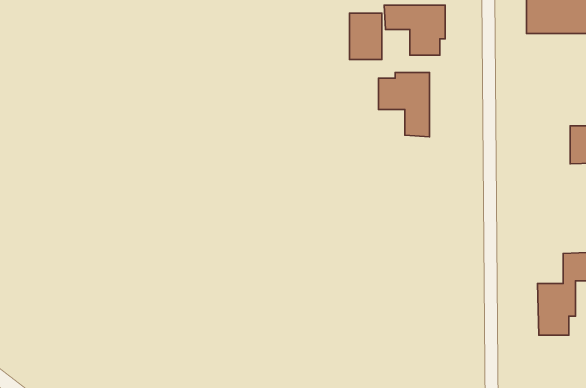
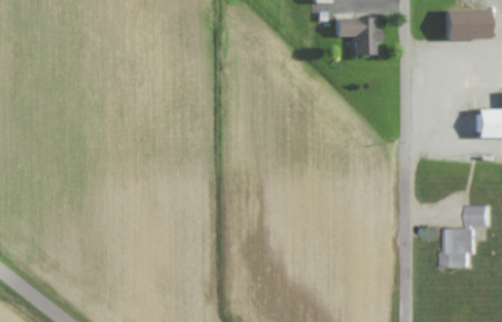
building: [349,13,382,60] -> none
building: [379,72,430,137] -> none

